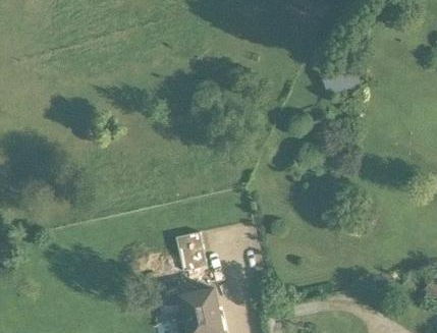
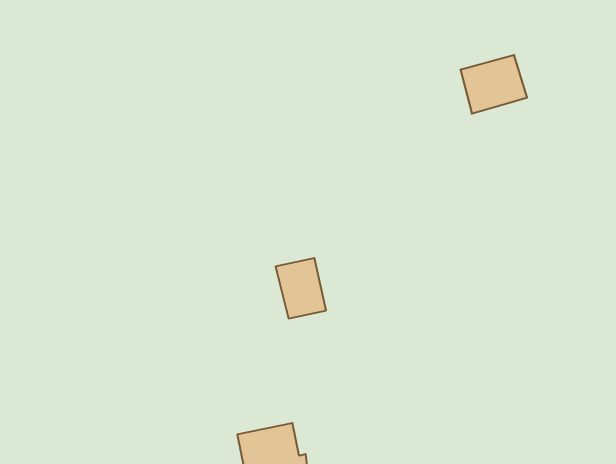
building: [175,234,207,272] -> [276,258,326,318]

